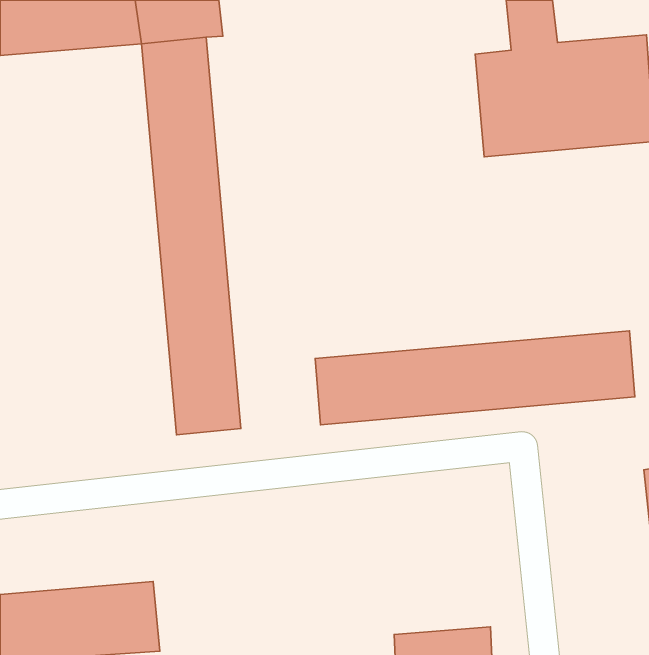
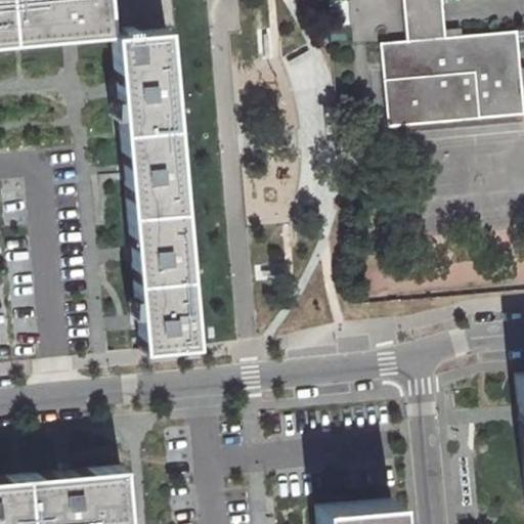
building: [315,331,635,425] -> none

